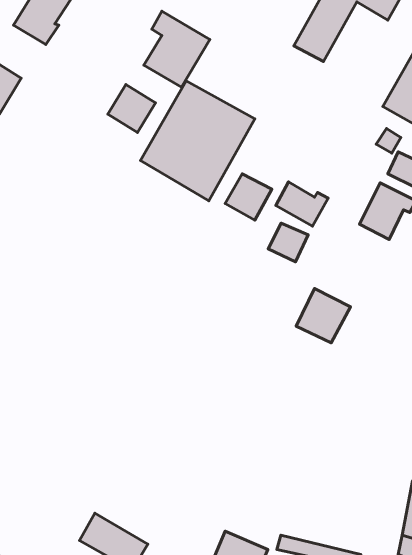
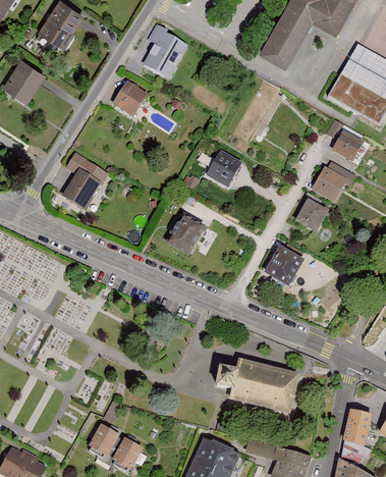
building: [141,81,255,201] -> none
building: none -> [59,155,109,216]
building: [276,182,328,226] -> none
building: [268,223,308,262] -> [295,205,327,235]
building: none -> [165,213,204,256]
building: none -> [212,358,293,409]

